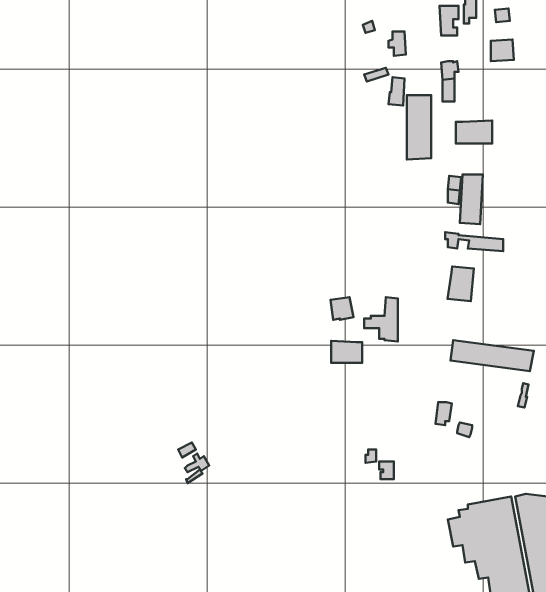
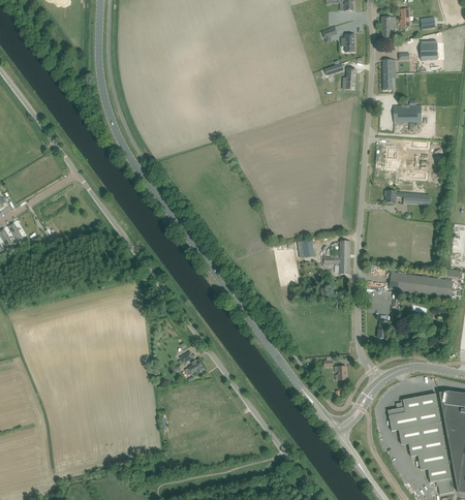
building: [407,95,431,159] -> none
building: [447,266,474,301] -> none
building: [331,341,362,363] -> none

